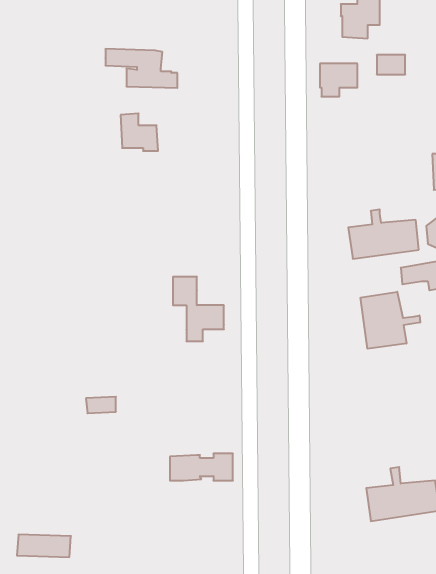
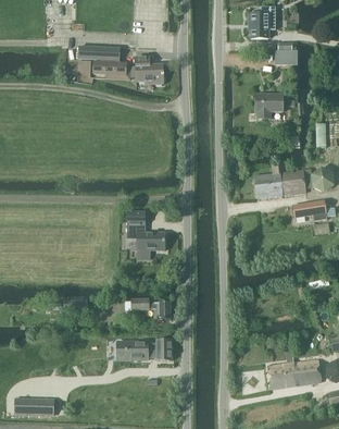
building: [320,64,357,97] -> [255,94,282,118]
building: [121,113,158,151] -> [136,56,163,83]
building: [361,292,420,349] -> none
building: none -> [130,297,171,318]

